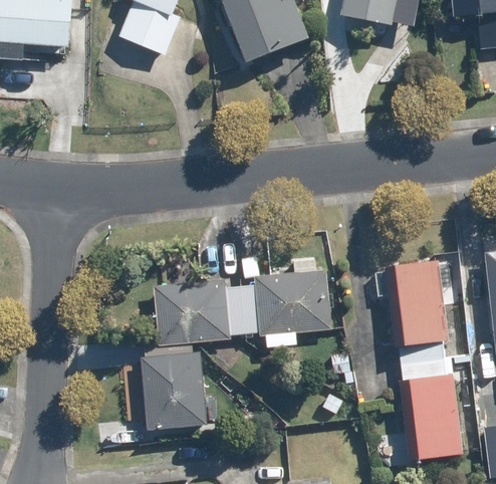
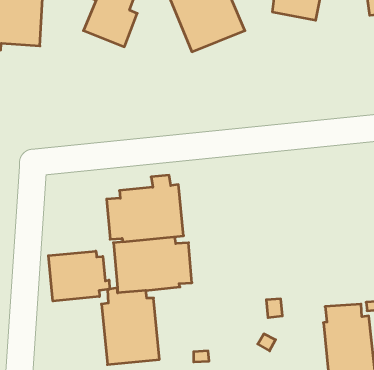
building: [241,258,331,336] -> [107,175,184,242]
building: [375,260,452,361] -> none
building: none -> [48,251,109,301]

